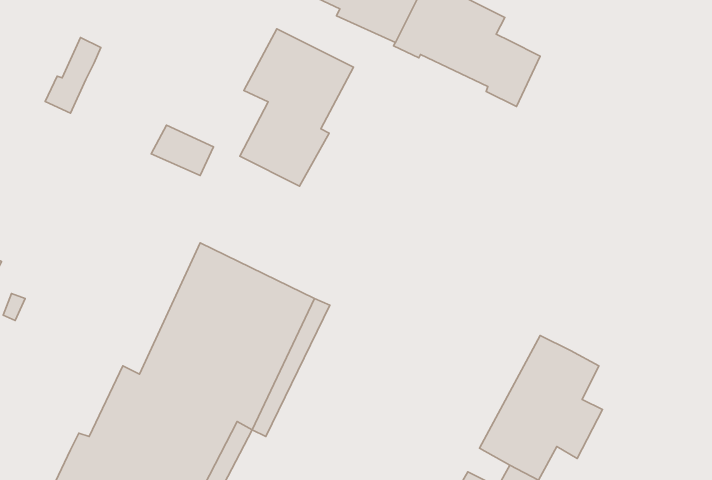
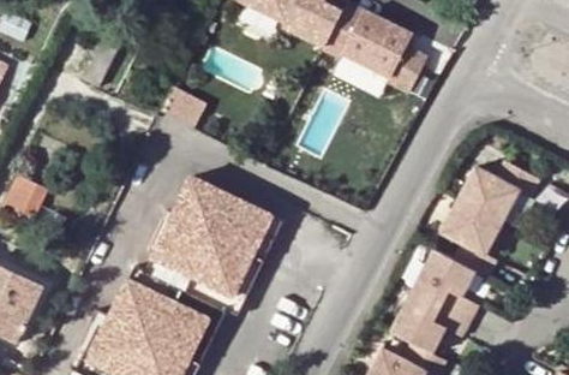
building: [240,29,354,186] -> none
building: none -> [439,163,535,278]

